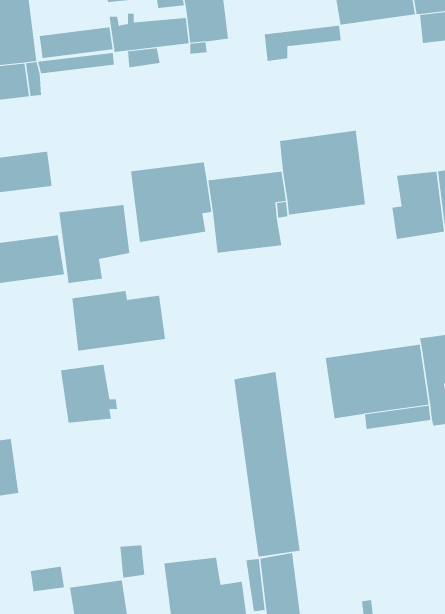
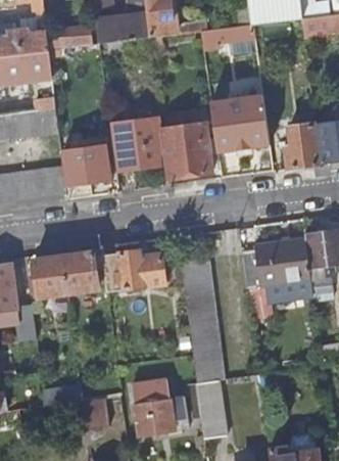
building: [72,290,166,351] -> [102,250,165,291]
building: none -> [32,257,68,296]

